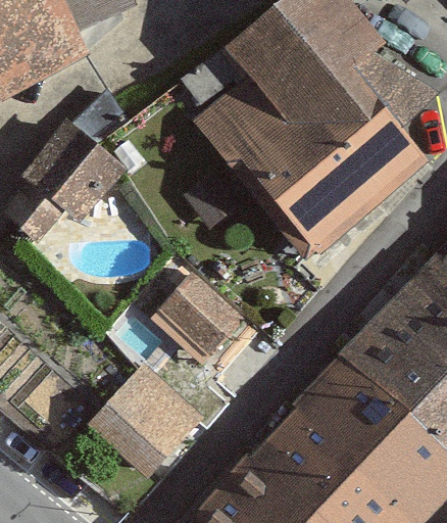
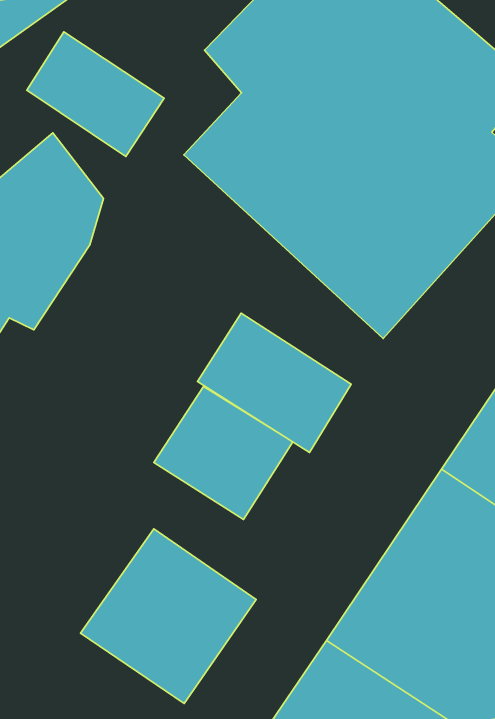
building: none -> [27,32,164,156]
building: none -> [198,313,351,452]

